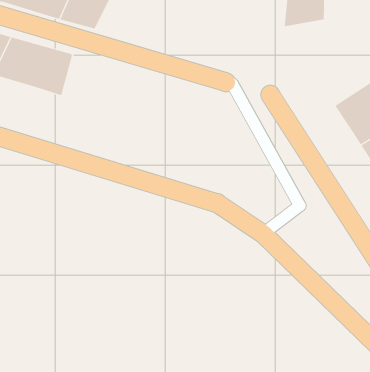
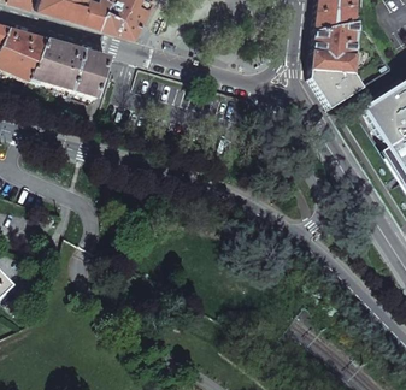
building: none -> [310,23,361,111]

